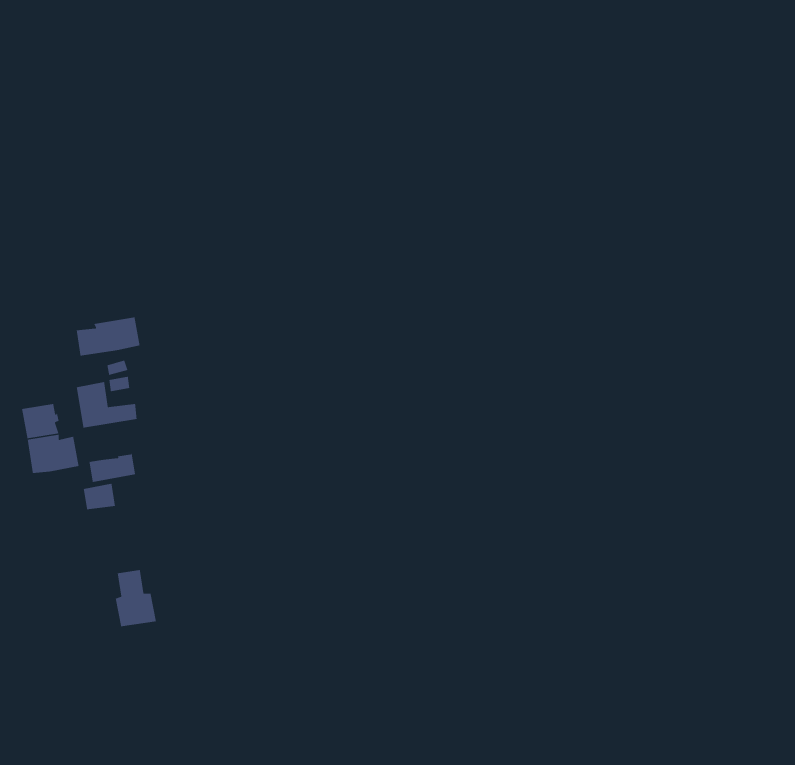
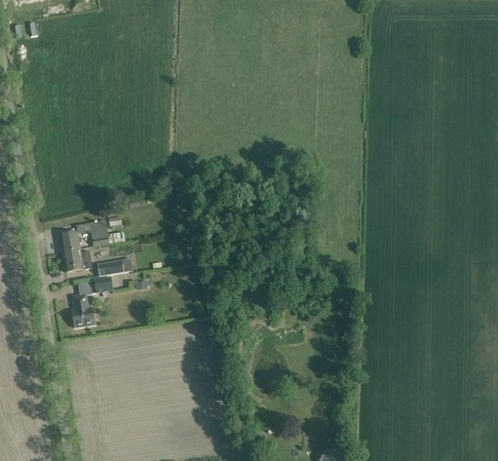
building: [76,316,141,356] -> none
building: [115,569,157,627] -> [72,294,95,326]

